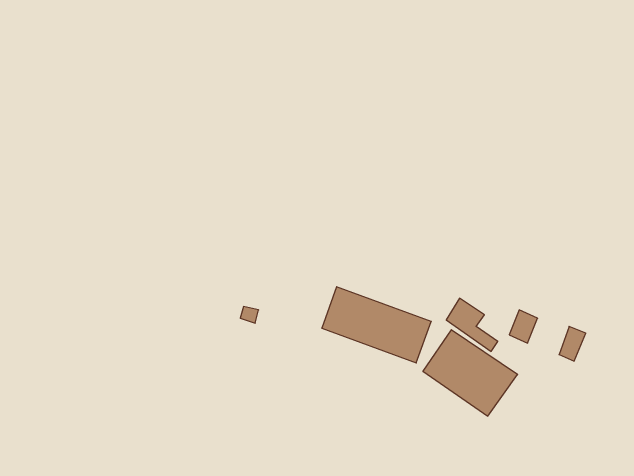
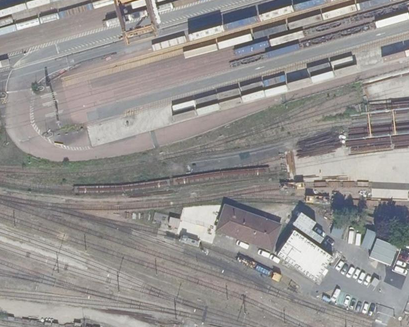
building: none -> [370,239,398,266]

